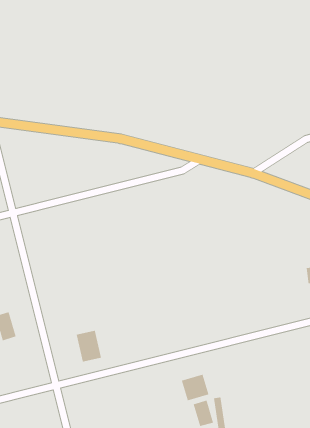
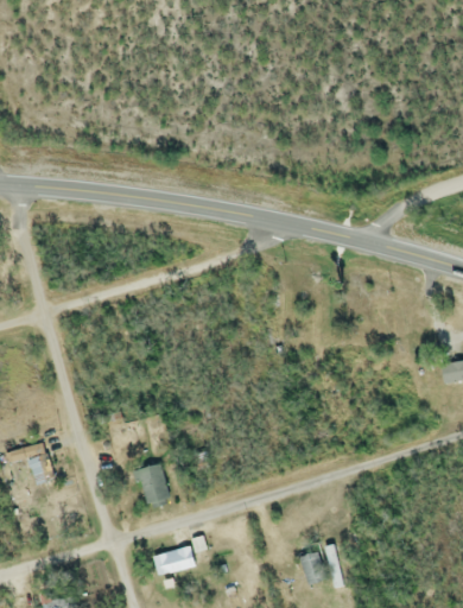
building: [181,374,209,401] -> none
building: none -> [151,545,195,577]

